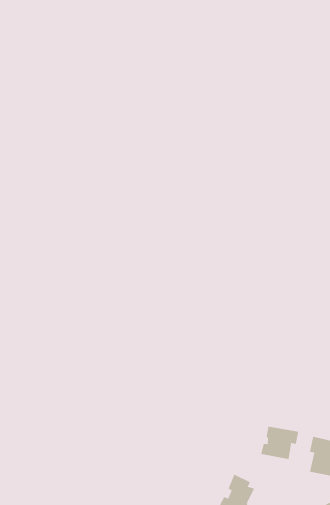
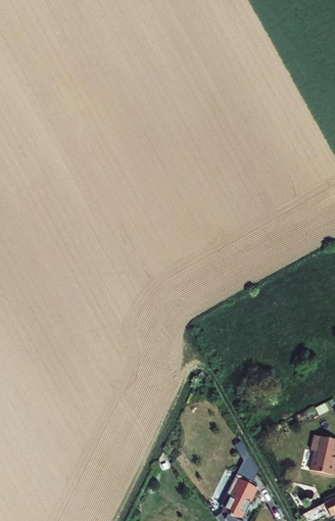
building: [261,426,299,460] -> none

